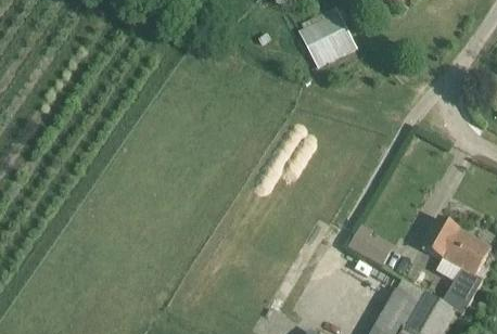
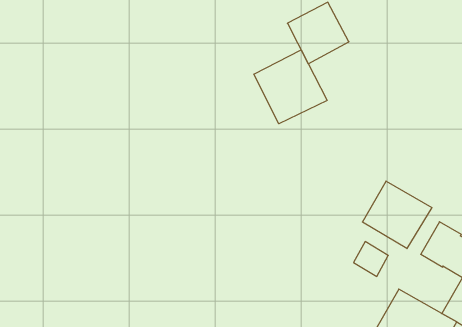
building: none -> [254,50,327,124]
building: none -> [362,181,432,249]

